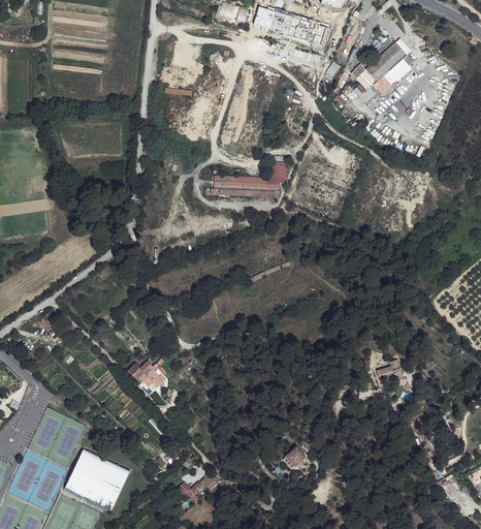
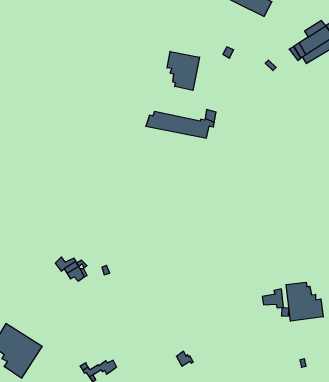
building: none -> [167,51,200,90]
building: none -> [286,282,323,321]

